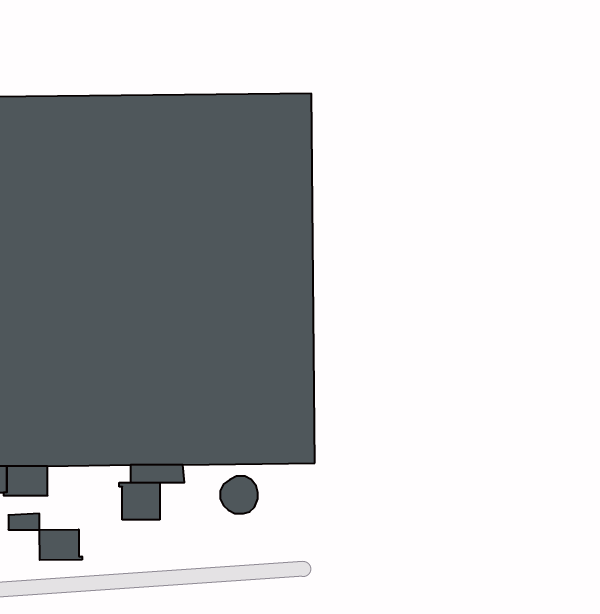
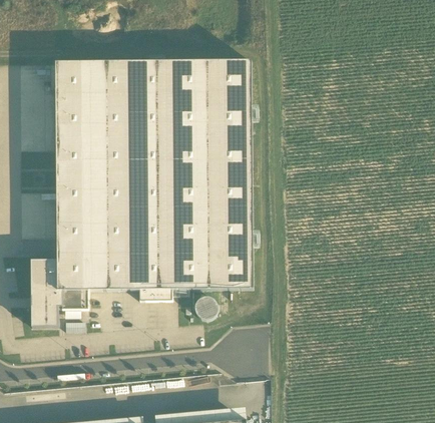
building: [119,483,160,520] -> none
building: [39,529,82,560] -> none

